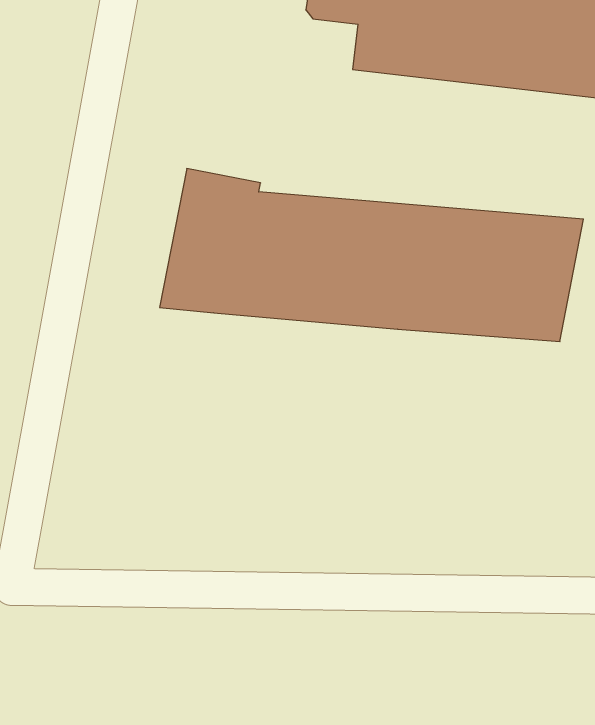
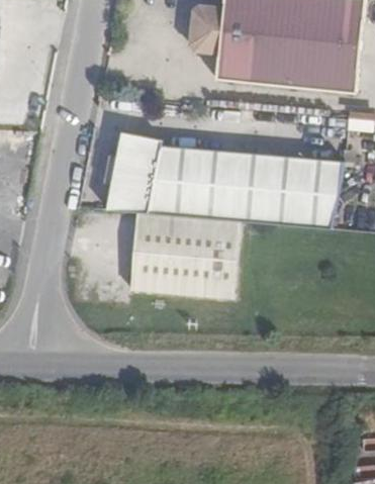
building: none -> [129,213,239,299]

